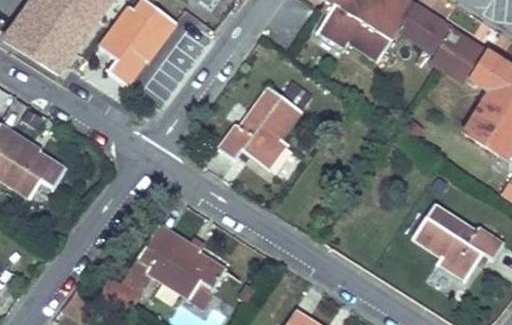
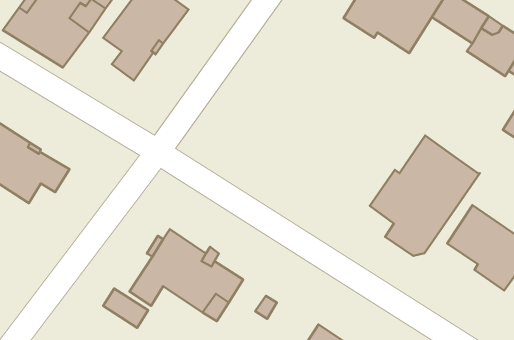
building: [218,86,302,169] -> none
building: none -> [370,136,480,256]

